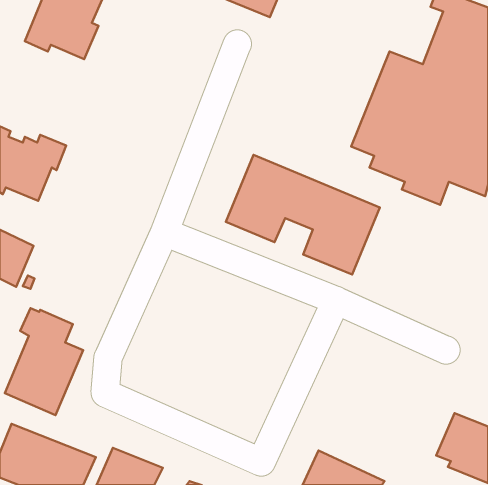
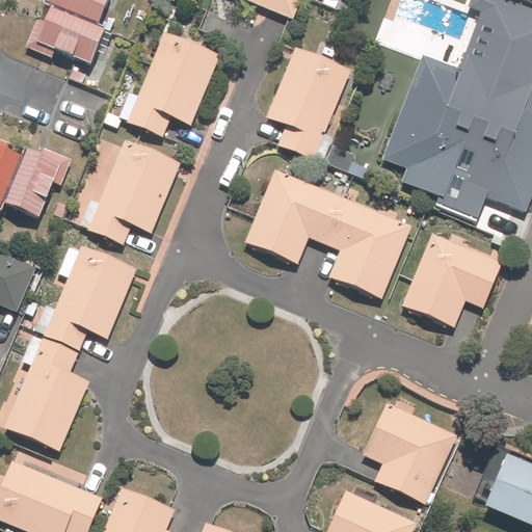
building: none -> [119,31,221,136]
building: none -> [266,47,351,161]
building: none -> [80,138,181,244]
building: none -> [401,232,503,328]
building: none -> [35,244,138,349]
building: none -> [363,402,457,503]

